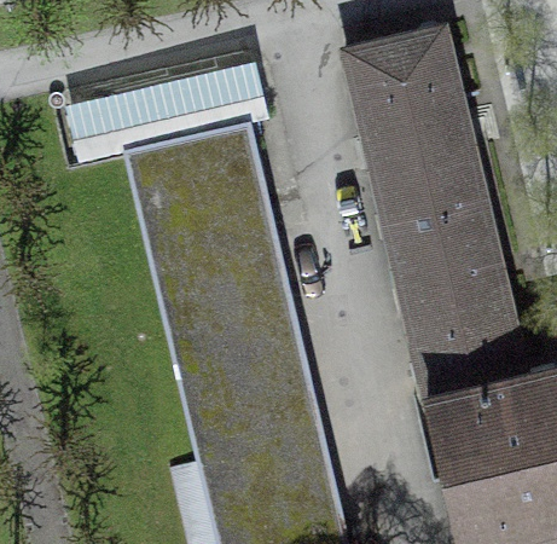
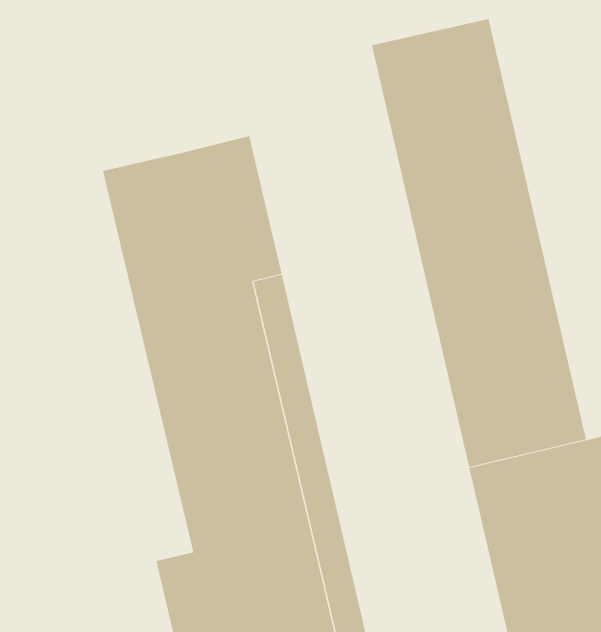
building: [69,65,266,161] -> none

